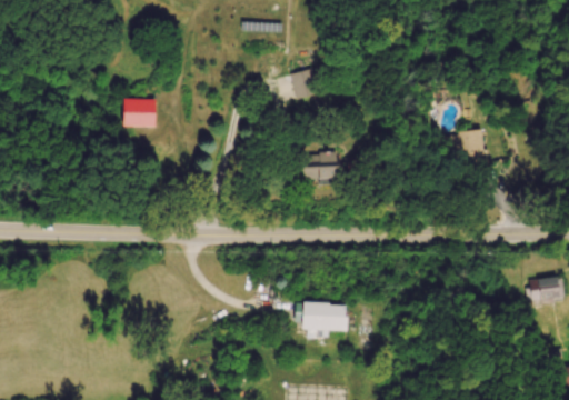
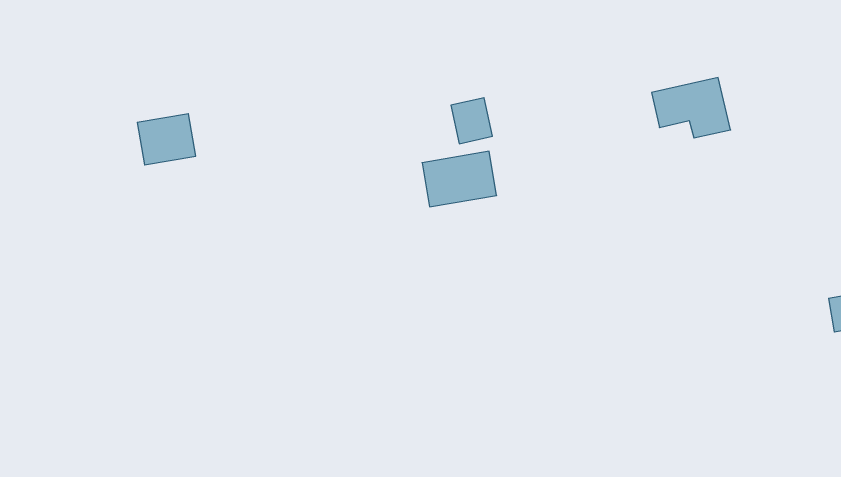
building: [295,71,317,97] -> [451,98,492,144]
building: [302,303,347,330] -> none

